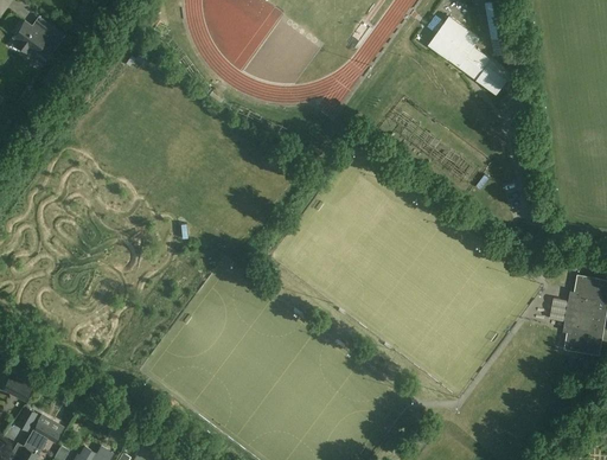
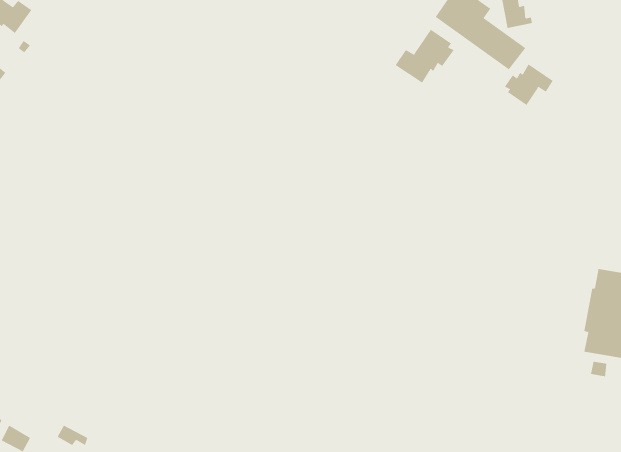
building: none -> [395,29,455,84]
building: none -> [504,63,554,106]

